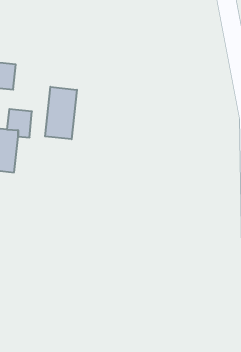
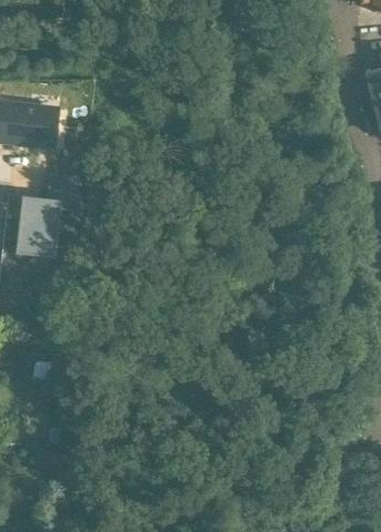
building: [45,87,77,139] -> none

